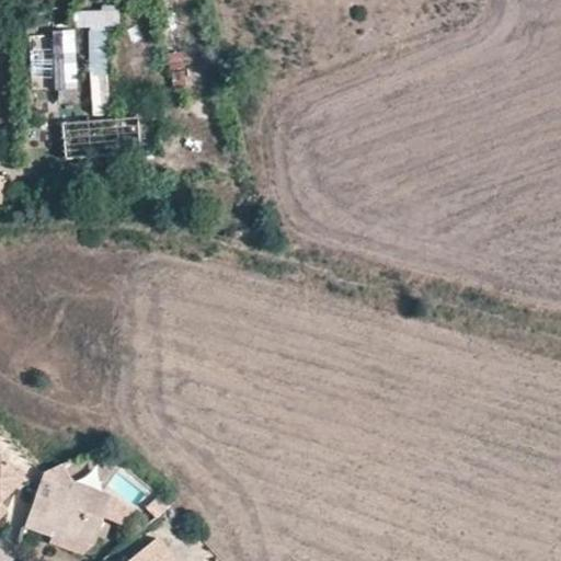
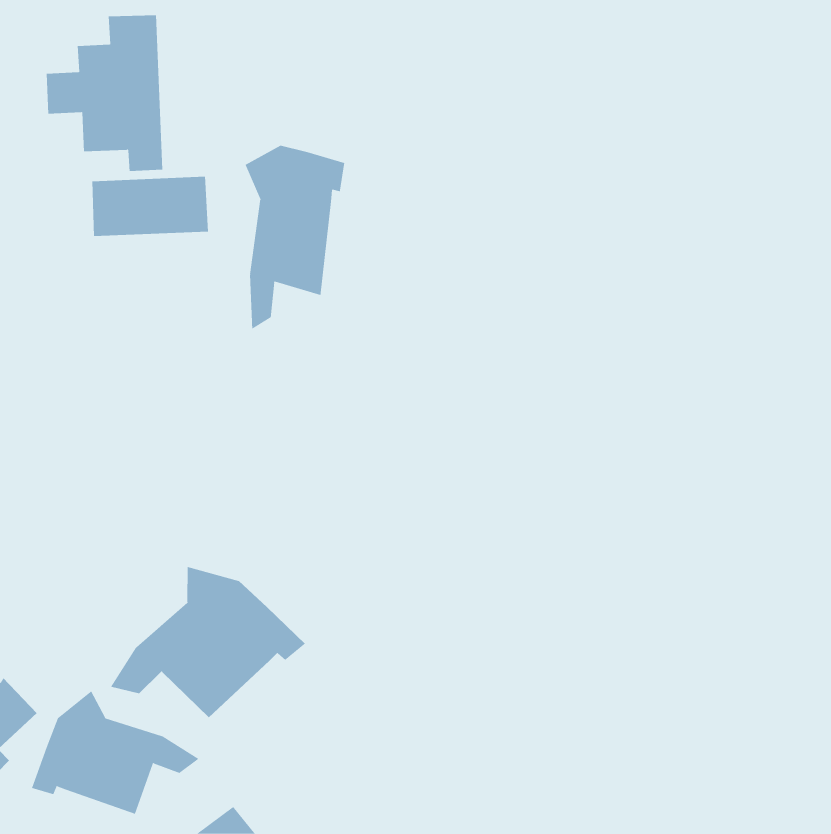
building: none -> [245,145,345,330]
building: none -> [110,566,306,718]

